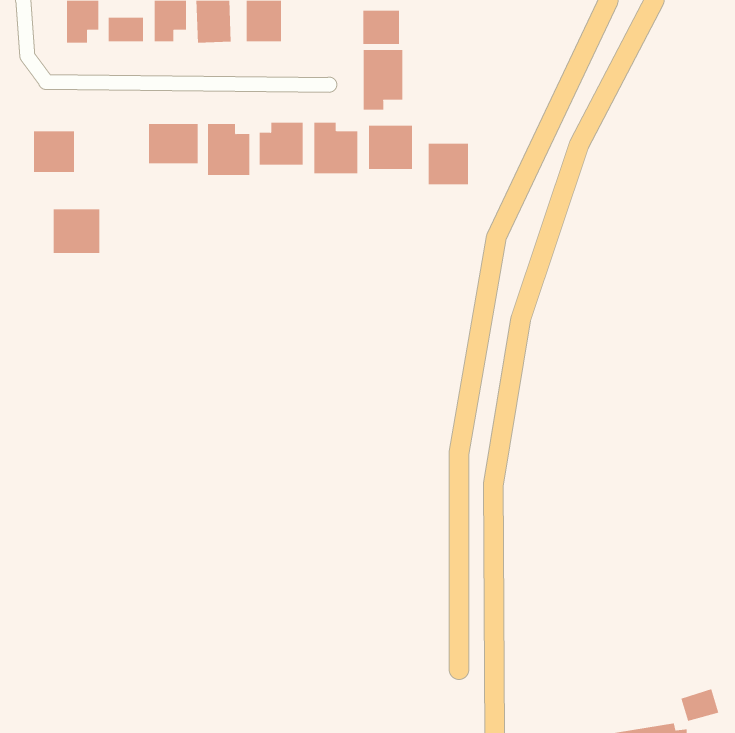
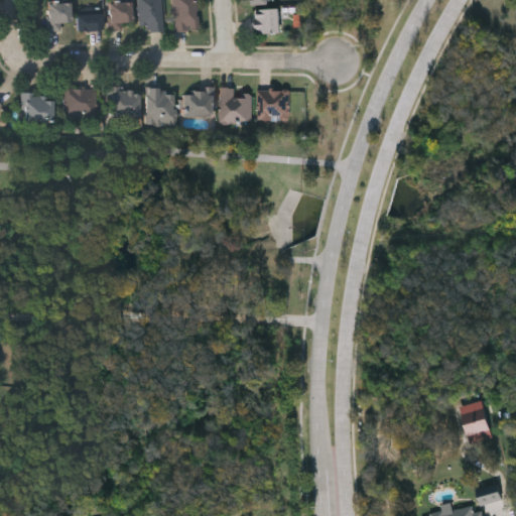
building: [363,49,403,111] -> none
building: [428,143,468,185] -> none
building: [53,209,100,253] -> [63,87,97,118]
building: none -> [460,401,493,444]

